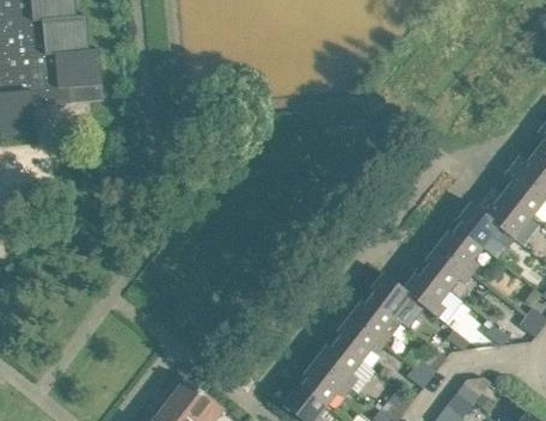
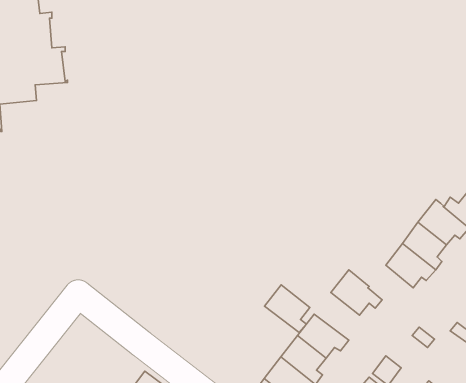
building: [403,268,448,317] -> none
building: [349,295,394,343] -> [265,285,310,332]

